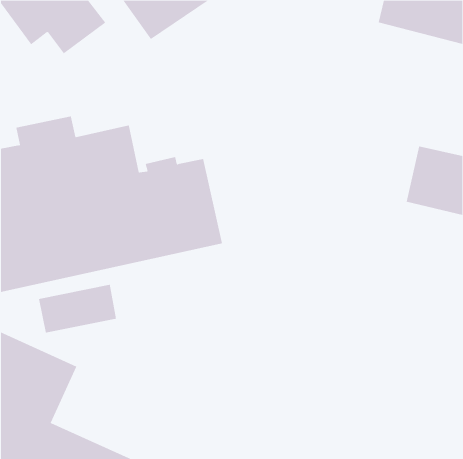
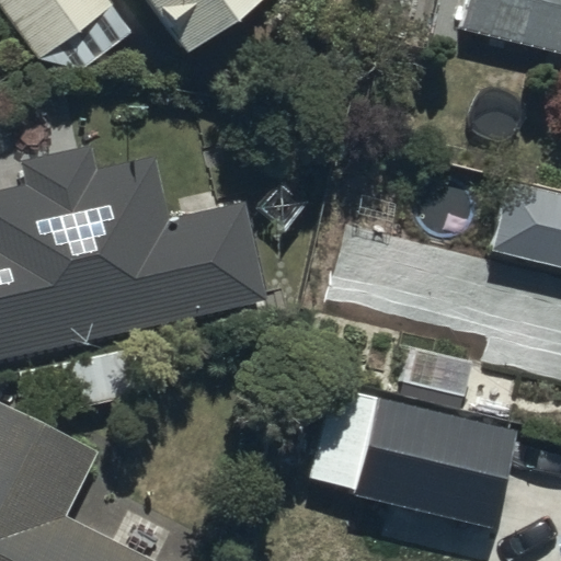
building: none -> [348,394,506,518]

